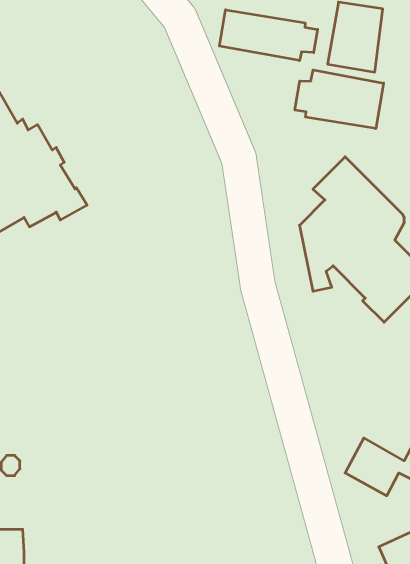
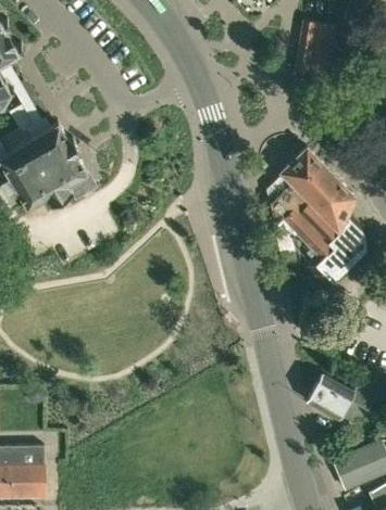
building: [219,10,318,61] -> none
building: [295,70,384,129] -> none

